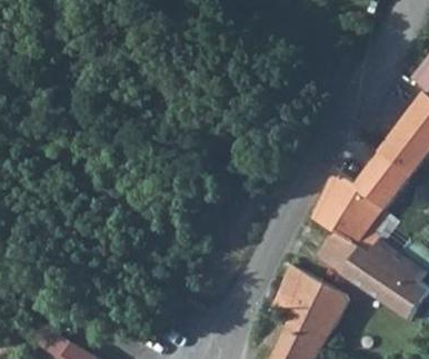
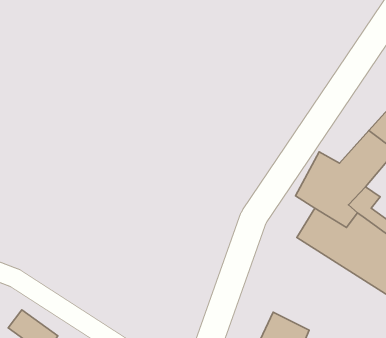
building: [272,270,345,345] -> none

